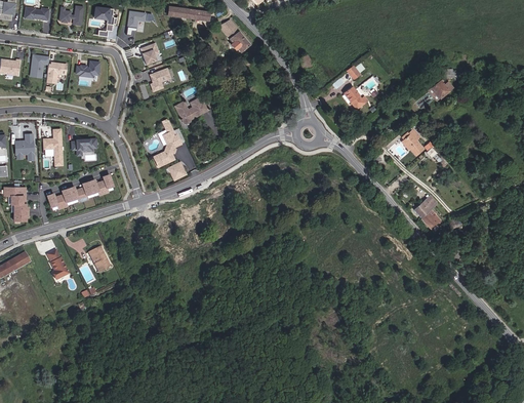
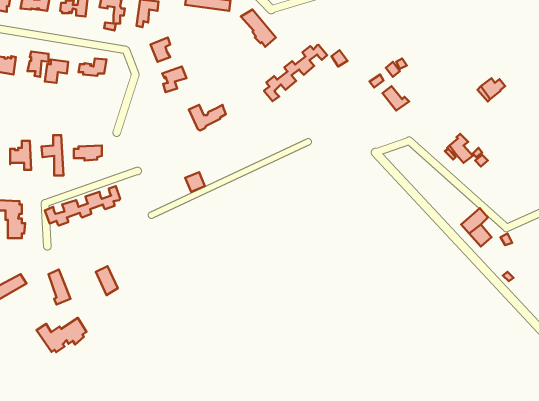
building: none -> [264,45,327,101]
building: [154,122,183,166] -> none
building: none -> [37,318,87,352]

